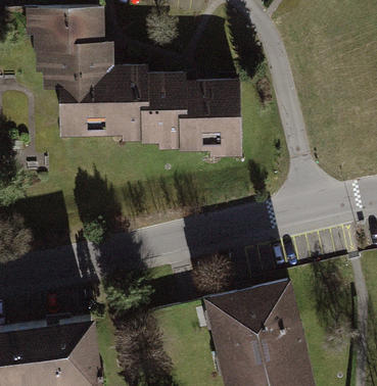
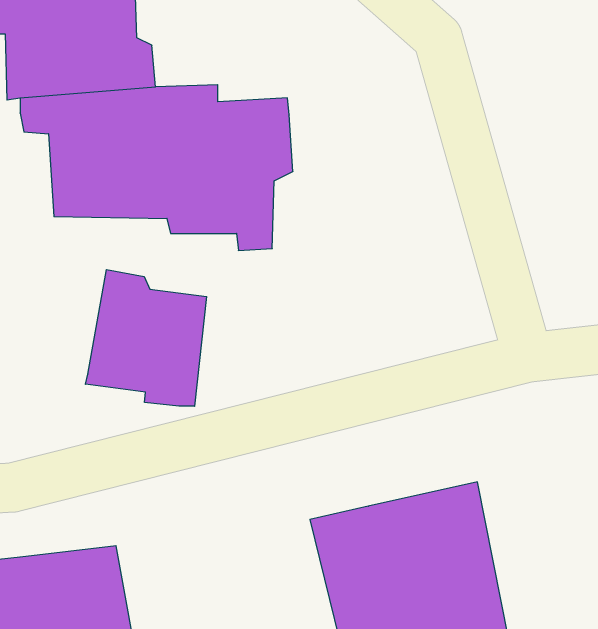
building: [181,76,246,156] -> none
building: none -> [85,270,207,406]

